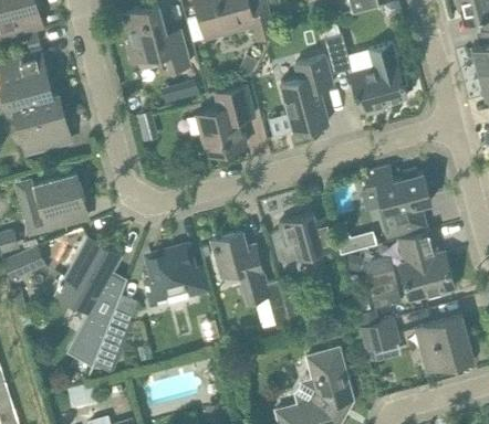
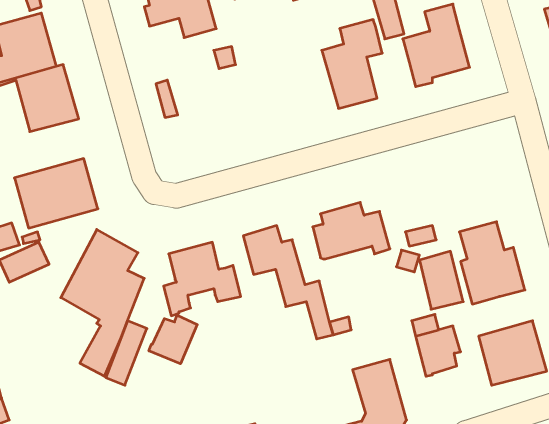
building: [195,85,252,156] -> none
building: [361,167,429,237] -> none
building: none -> [149,315,197,364]

